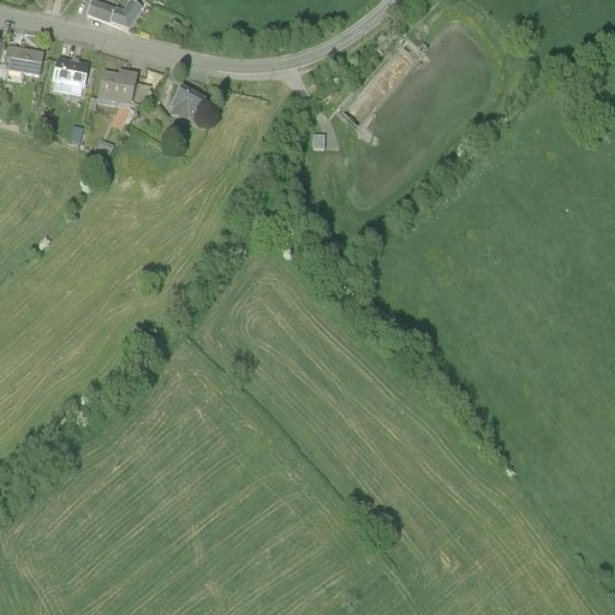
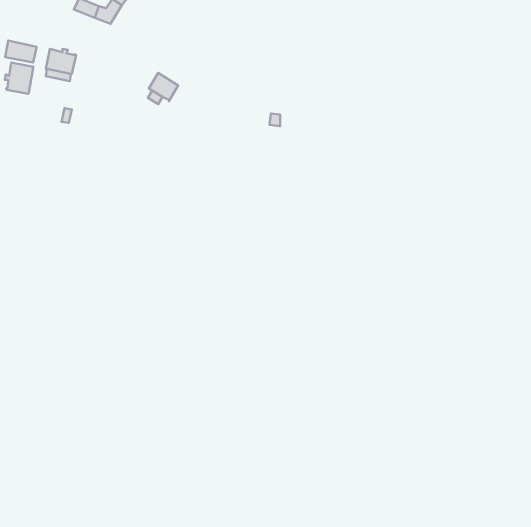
building: [100,71,137,103] -> none
building: none -> [5,62,34,94]

